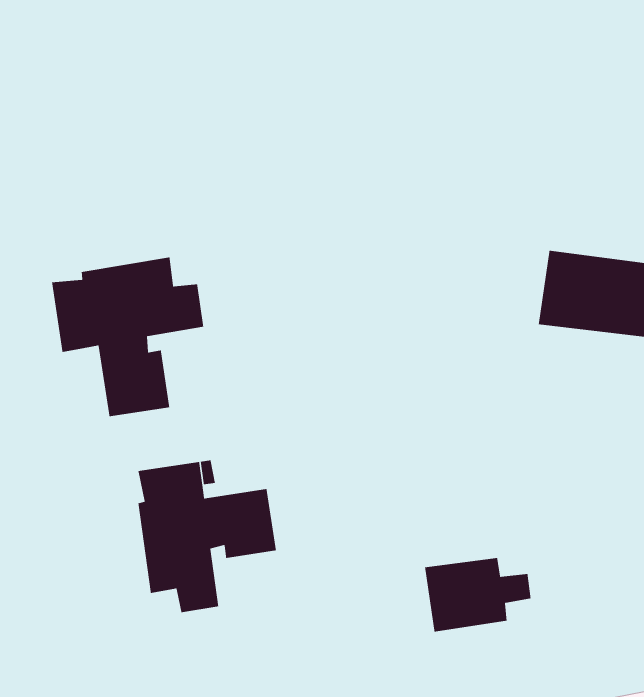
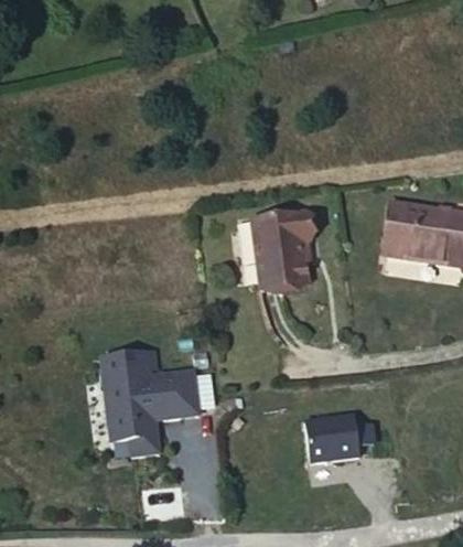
building: [51,256,204,417] -> none
building: none -> [254,213,313,289]

